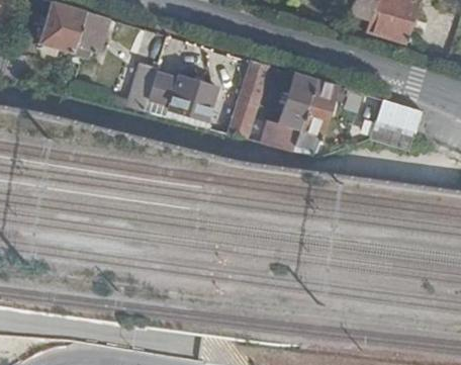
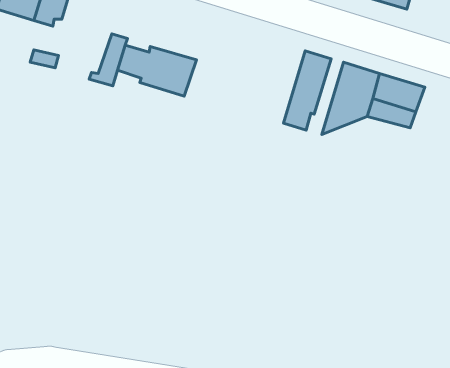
building: [229,60,271,139] -> none
building: [260,73,316,151] -> none

